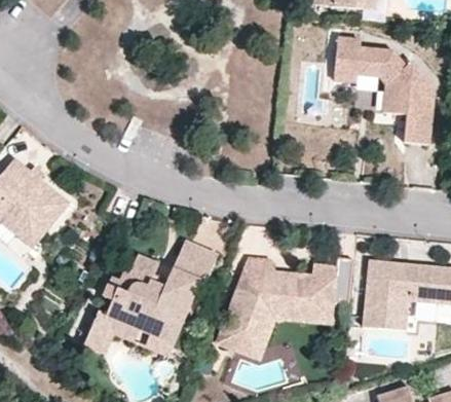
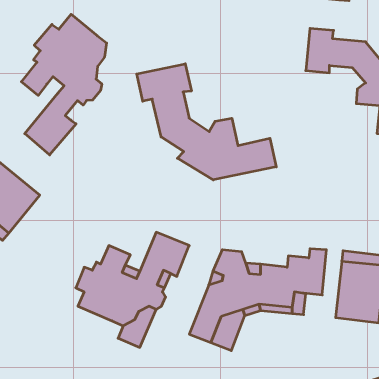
building: none -> [21,14,107,155]
building: none -> [137,64,276,180]
building: [83,312,140,354] -> none

